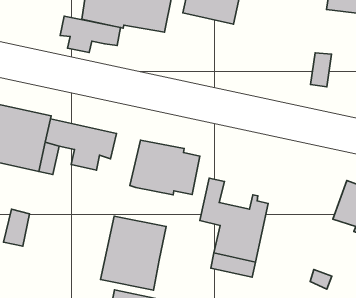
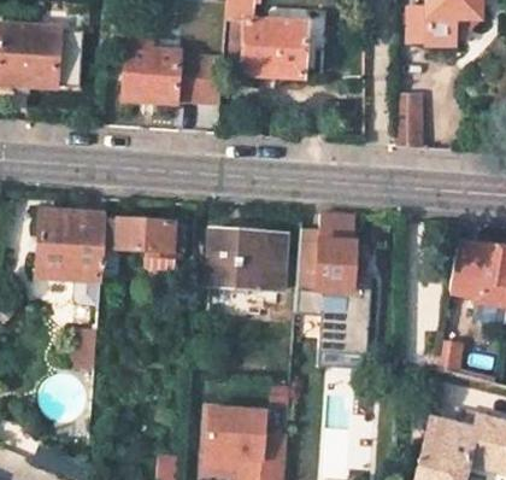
building: [60,16,121,53] -> none
building: none -> [299,212,355,292]
building: [100,216,166,290] -> none

